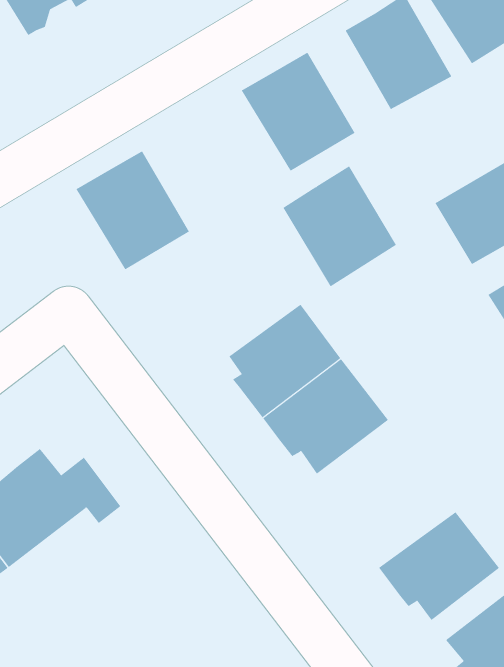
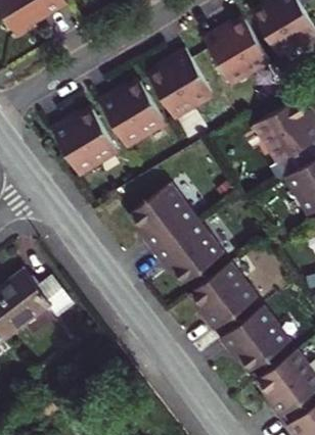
building: [283,166,397,287] -> [95,68,162,139]
building: none -> [191,262,259,332]

